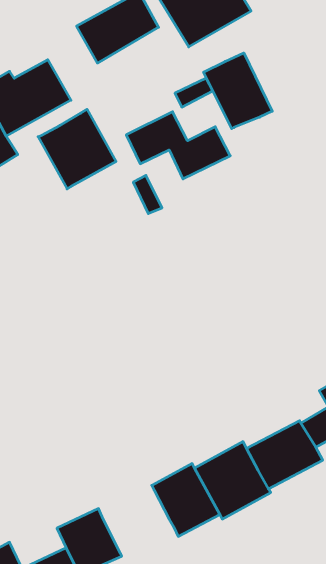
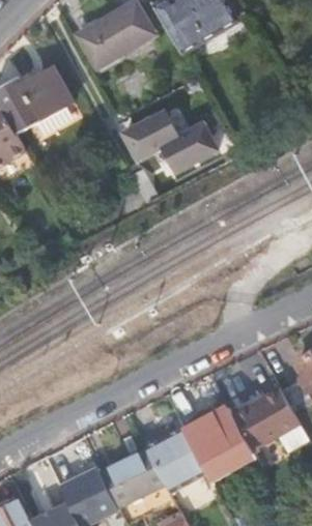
building: [204,53,272,129] -> none
building: [38,109,116,189] -> none
building: none -> [102,450,166,507]

